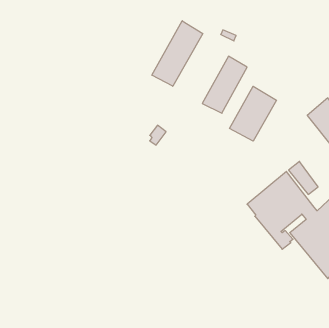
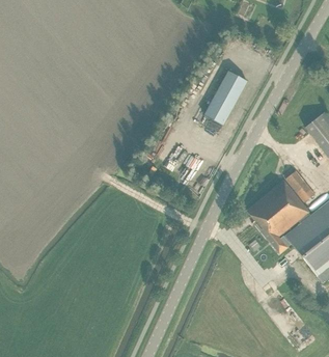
building: [152,21,203,86] -> none
building: [230,86,276,141] -> none

